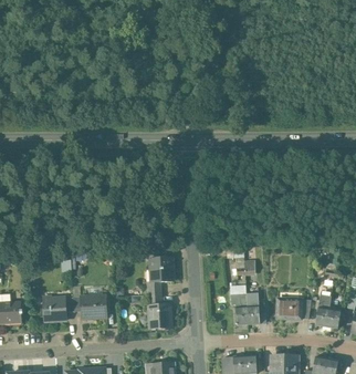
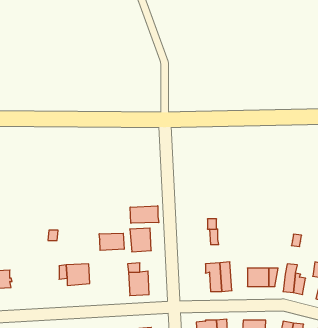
building: none -> [130,206,159,223]
building: none -> [99,233,124,250]
building: [44,297,67,320] -> none

